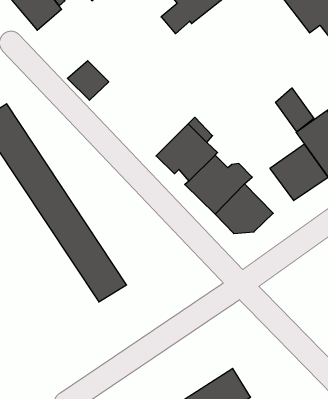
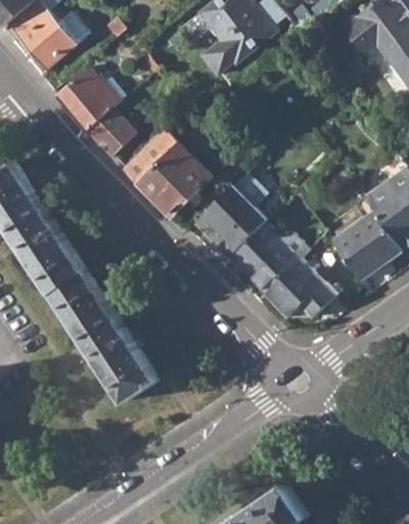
building: none -> [56,68,121,130]
building: none -> [124,128,212,217]
building: [276,88,314,132] -> none

